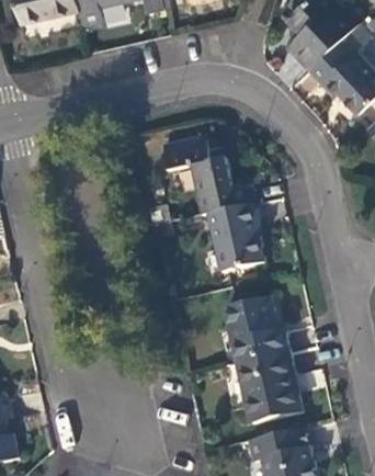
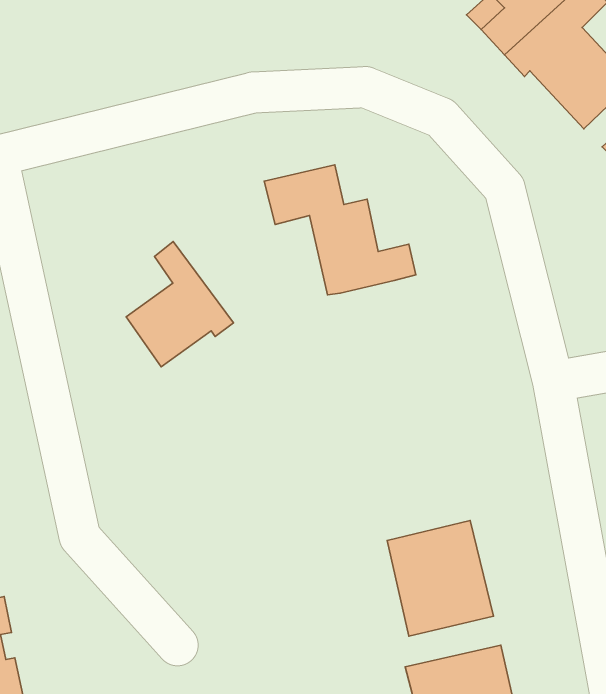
building: none -> [126,241,234,367]
building: [209,203,265,273] -> none
building: [225,298,288,364] -> none

